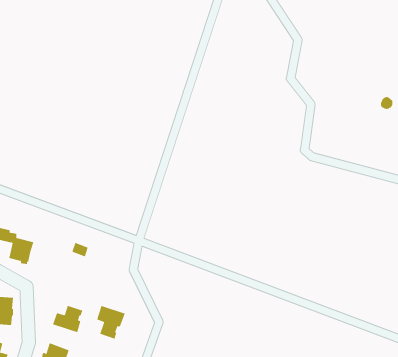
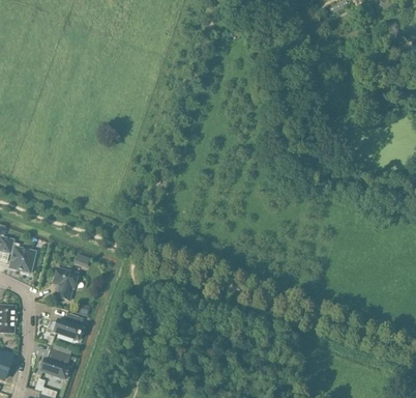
building: none -> [52,267,77,300]
building: [96,305,126,339] -> none

